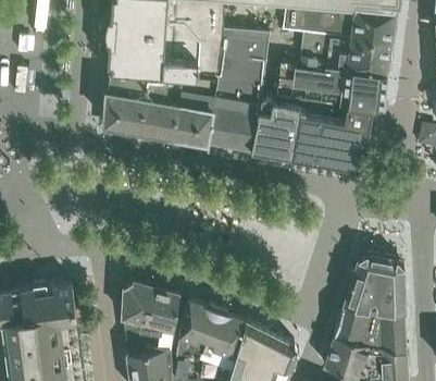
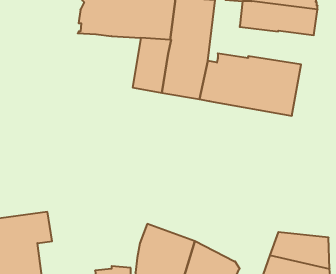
building: [273,62,387,111] -> none
building: [103,73,182,137] -> none
building: [345,255,404,316] -> none
building: [122,281,179,352] -> none

